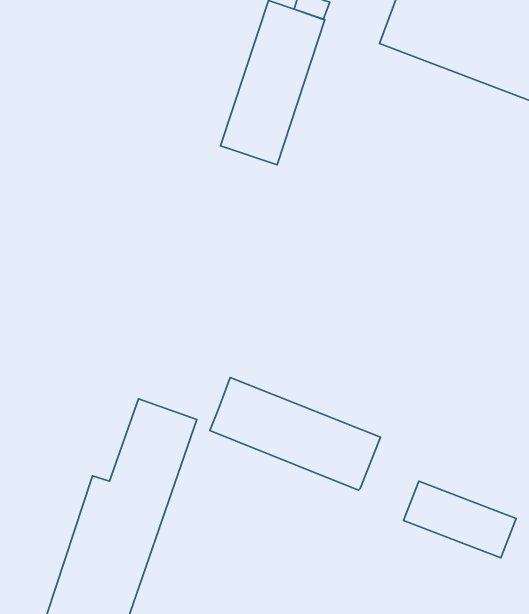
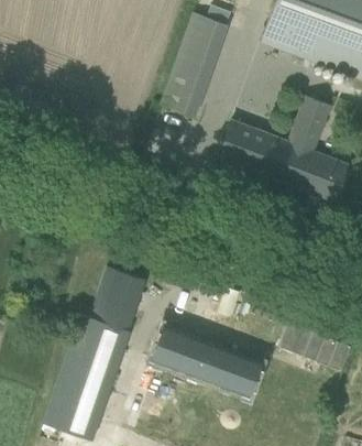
building: none -> [218,98,347,202]
building: [210,377,381,490] -> [151,324,261,396]

